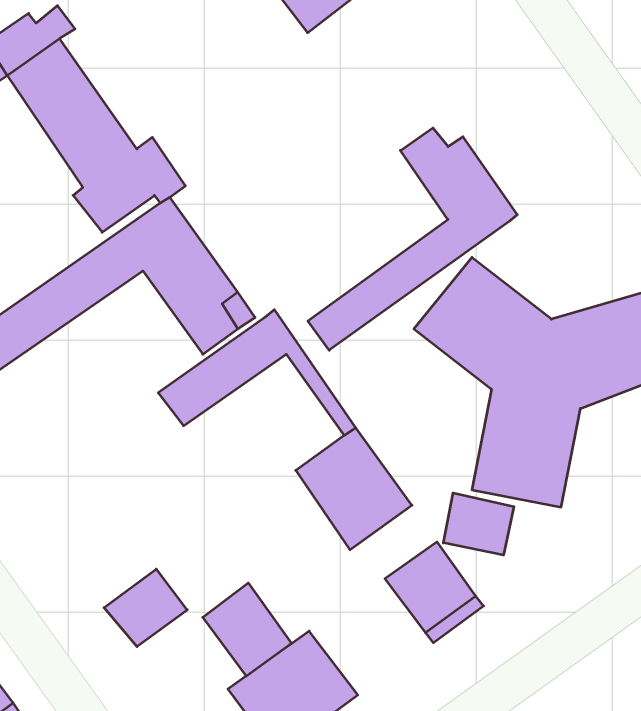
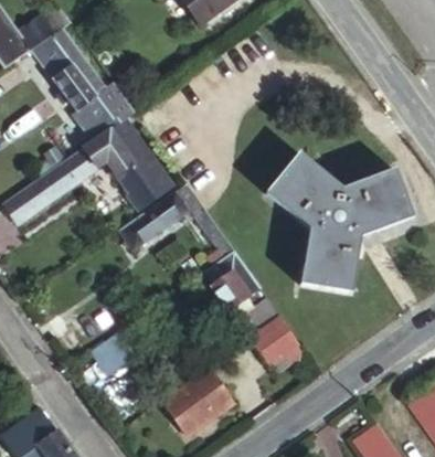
building: [308,128,517,350] -> none
building: [443,493,514,555] -> none
building: [203,583,291,676] -> none

